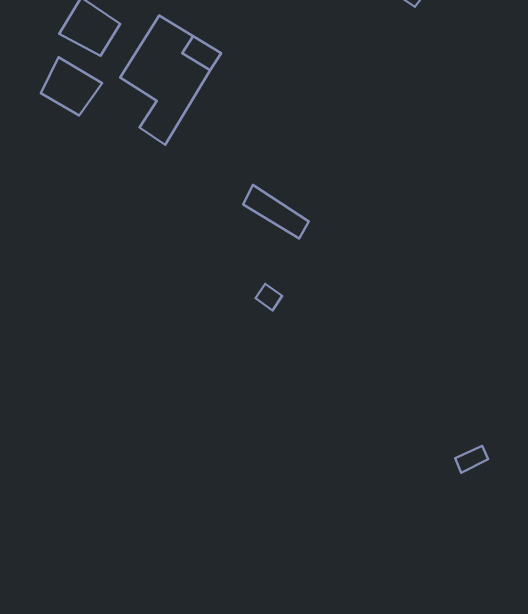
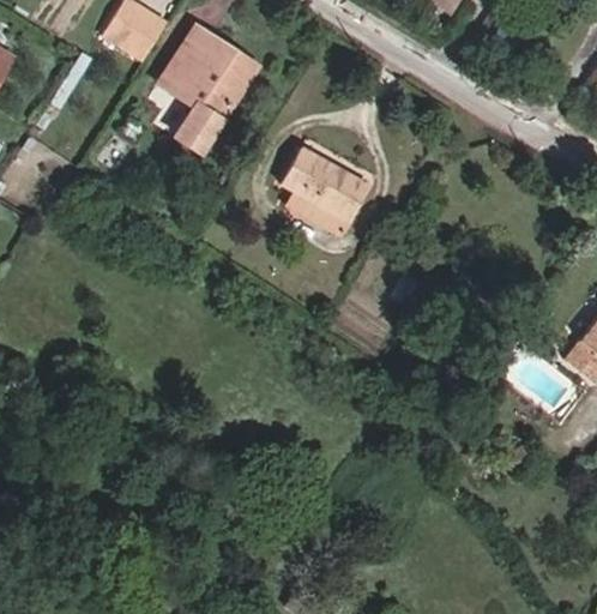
building: [41,57,102,116] -> none
building: none -> [277,148,367,224]

